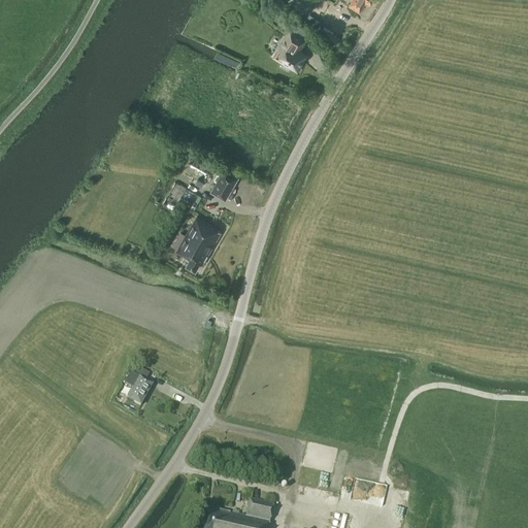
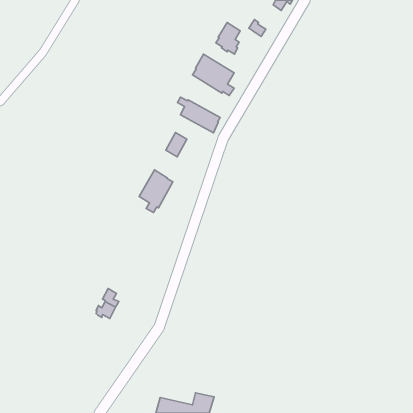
building: none -> [193,54,234,96]
building: none -> [177,97,220,133]

